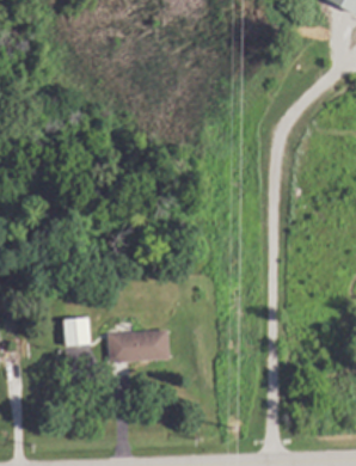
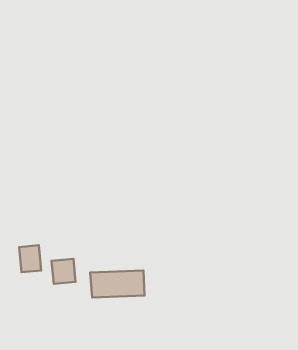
building: none -> [19,245,41,272]

